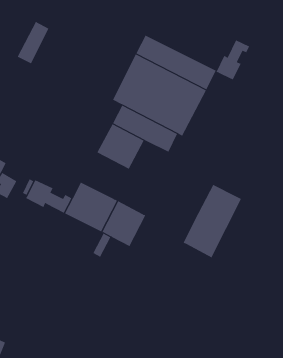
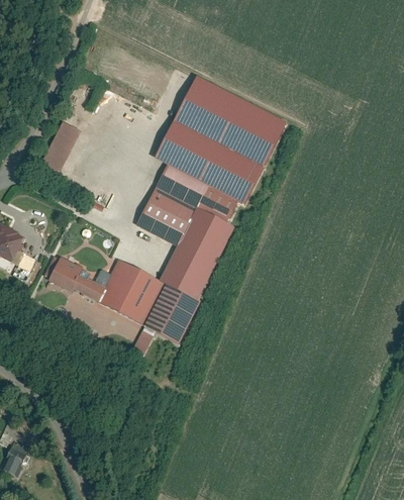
building: [17,21,49,64] -> [40,120,81,174]
building: [216,40,250,80] -> none
building: [183,184,242,258] -> [160,208,233,300]

